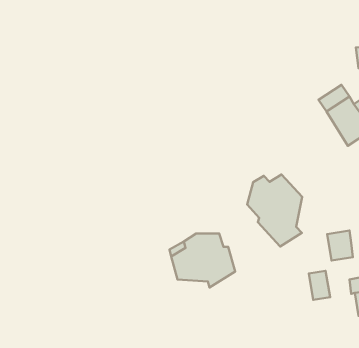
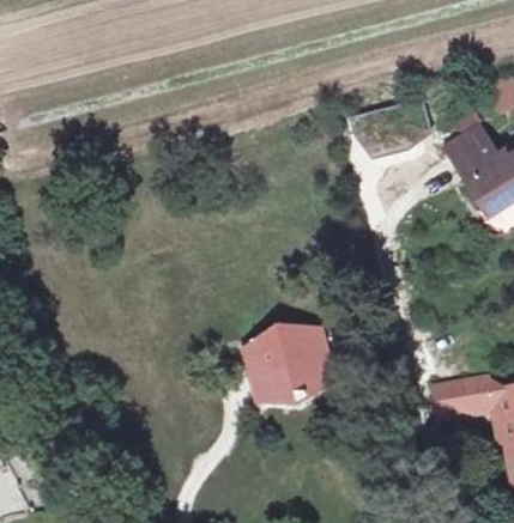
building: [247,175,302,246] -> none
building: [327,231,353,261] -> [456,373,491,414]

